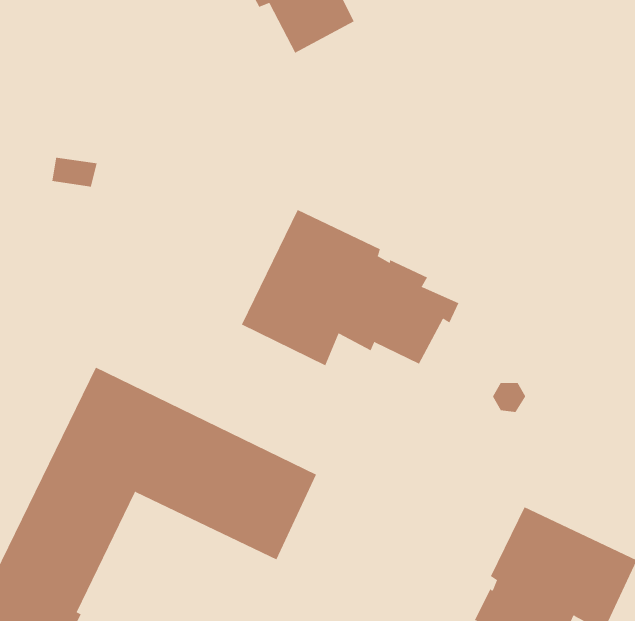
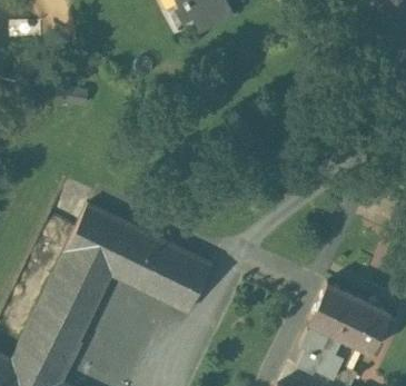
building: [241,209,459,366] -> none

